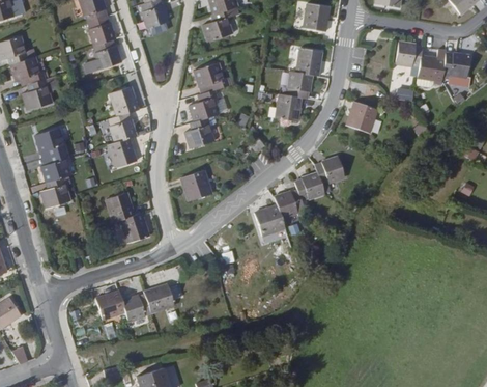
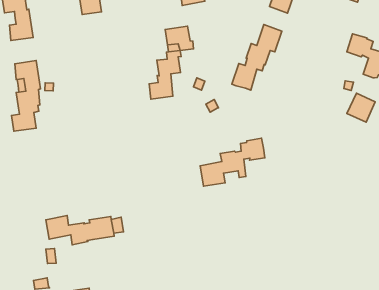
building: [108,85,137,166] -> none
building: [347,102,376,132] -> [347,93,375,122]
building: [315,157,344,183] -> none
building: [181,170,210,200] -> none
building: [107,192,149,242] -> none

